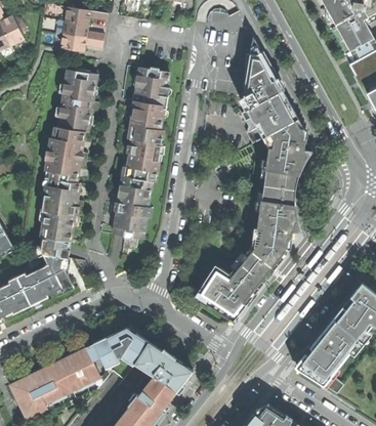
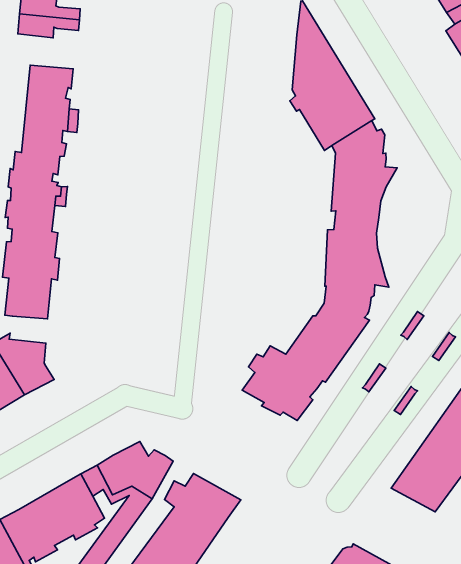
building: [112,67,168,239] -> none
building: [43,238,70,257] -> none

